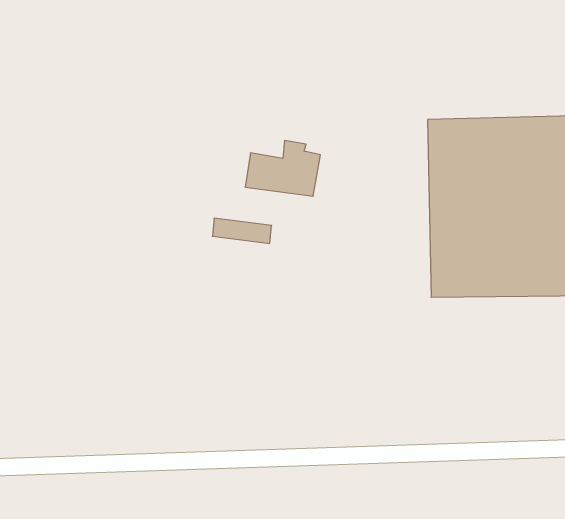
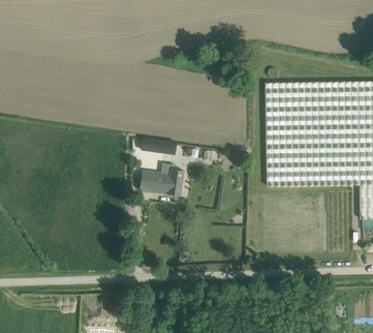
building: [245,140,320,196] -> [139,163,183,195]

